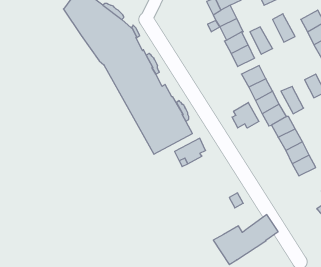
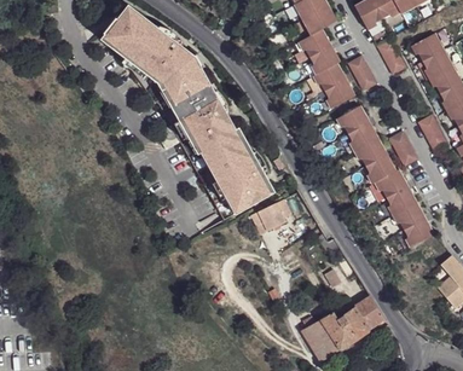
building: [232,102,259,128] -> none

